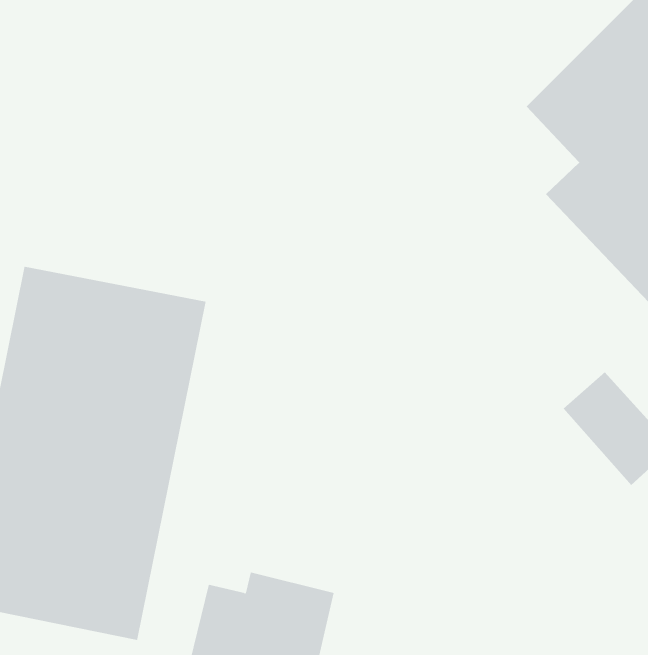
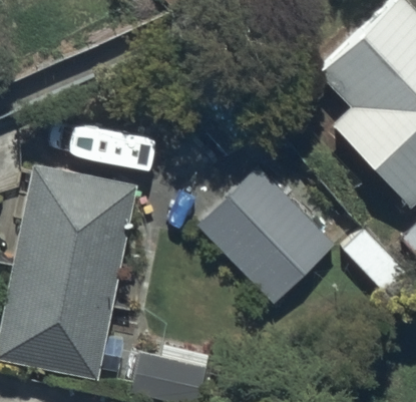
building: none -> [197,165,333,302]

